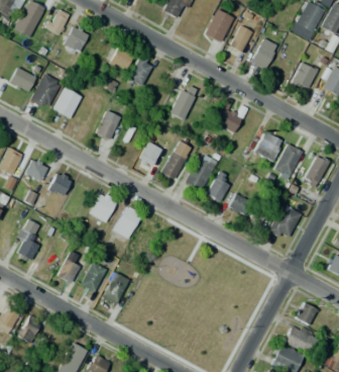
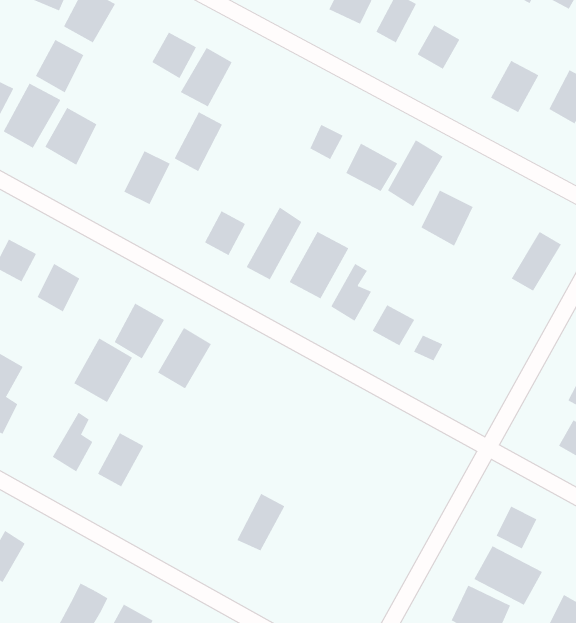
building: none -> [35,39,84,93]
building: [170,87,196,119] -> [174,111,223,172]
building: [272,144,303,180] -> [387,140,444,207]
building: [267,203,302,241] -> none
building: none -> [74,338,133,403]
building: [103,272,129,303] -> [236,493,285,551]

